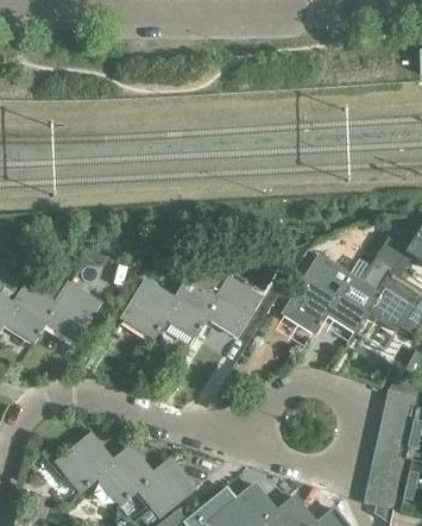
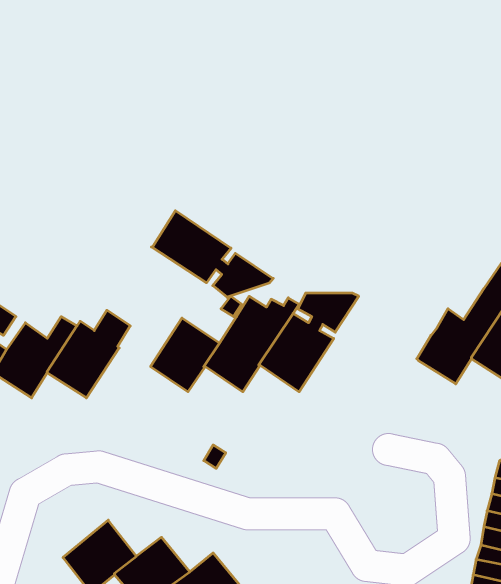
building: none -> [151,211,273,297]
building: [284,253,349,332] -> none

